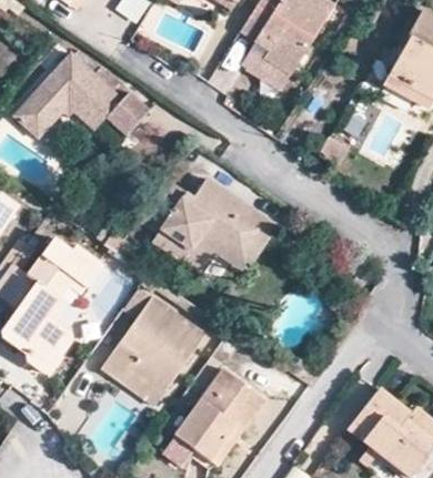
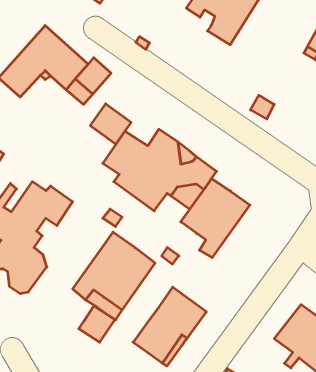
building: [241,32,293,91] -> none
building: none -> [90,104,131,144]
building: none -> [181,179,250,258]
building: none -> [79,306,115,342]

